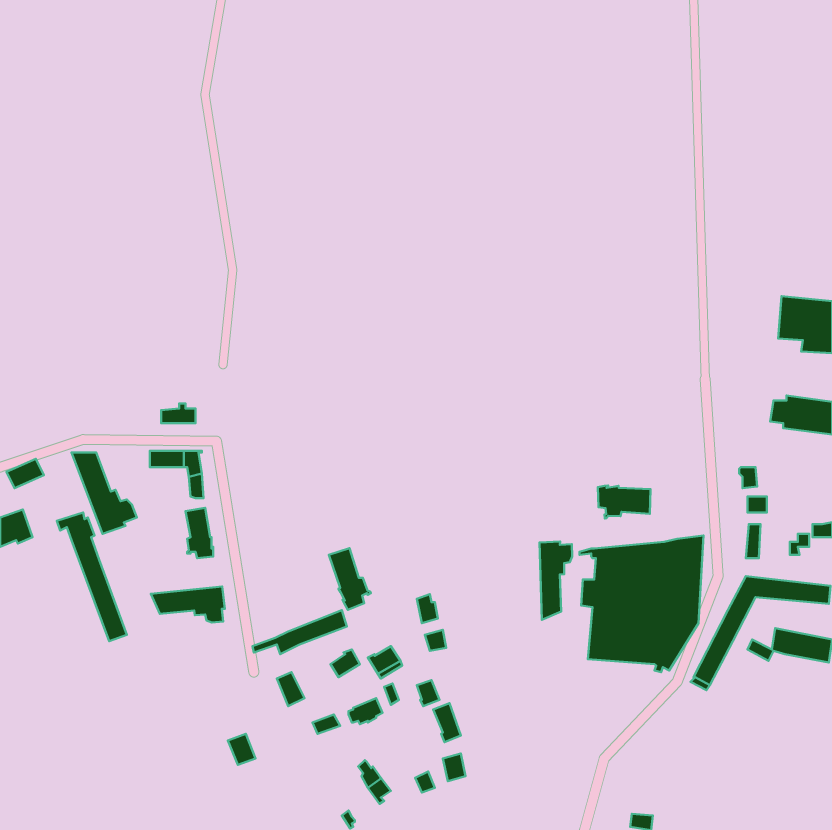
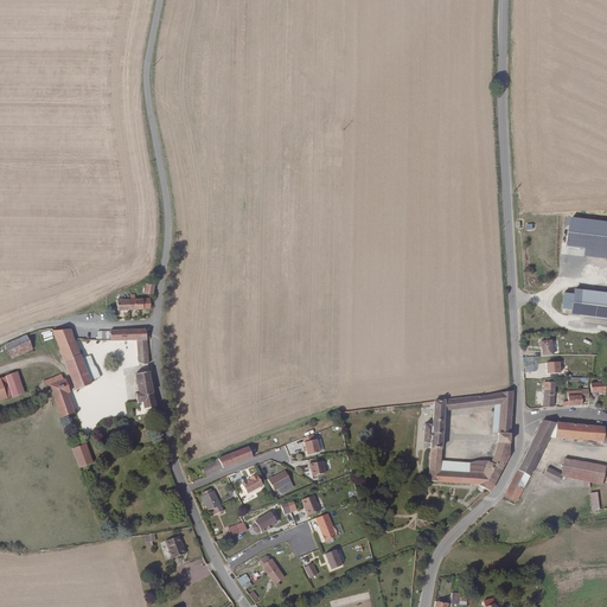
building: [598,485,650,518] -> none
building: [539,542,572,620] -> none
building: [329,548,371,610] -> none
building: [151,587,225,623] -> none

